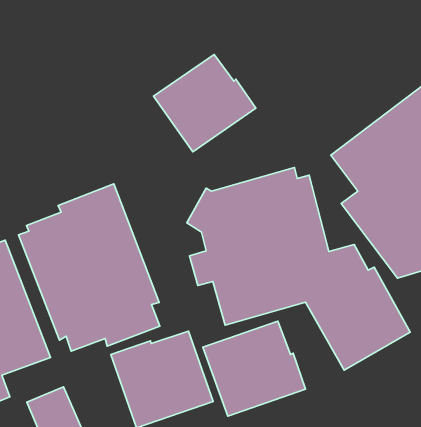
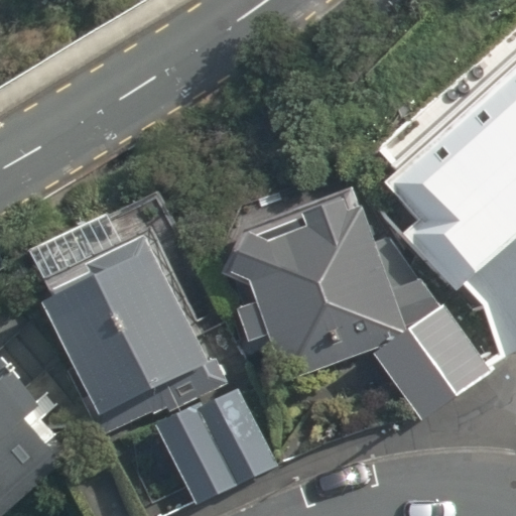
building: [154,54,256,152] -> none
building: [203,321,306,416] -> none

